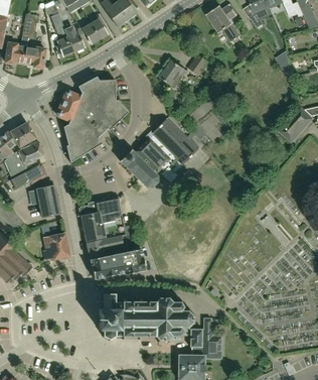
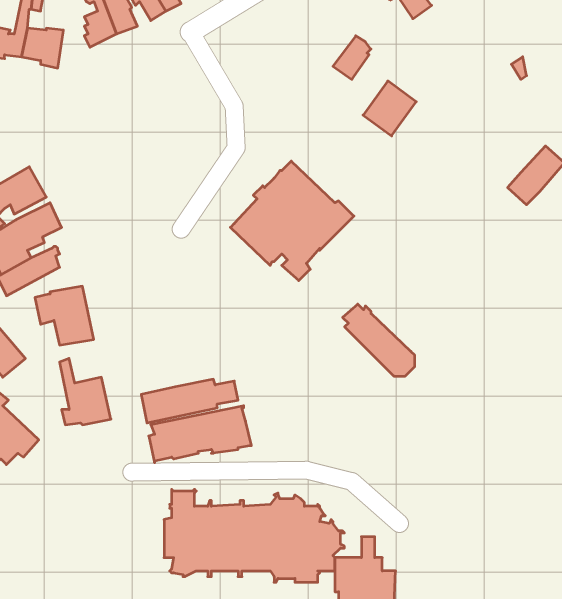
building: [159,59,187,89] -> [363,81,416,136]
building: [56,76,128,162] -> none
building: [119,148,157,186] -> [343,304,415,376]
building: [81,196,137,241] -> none

